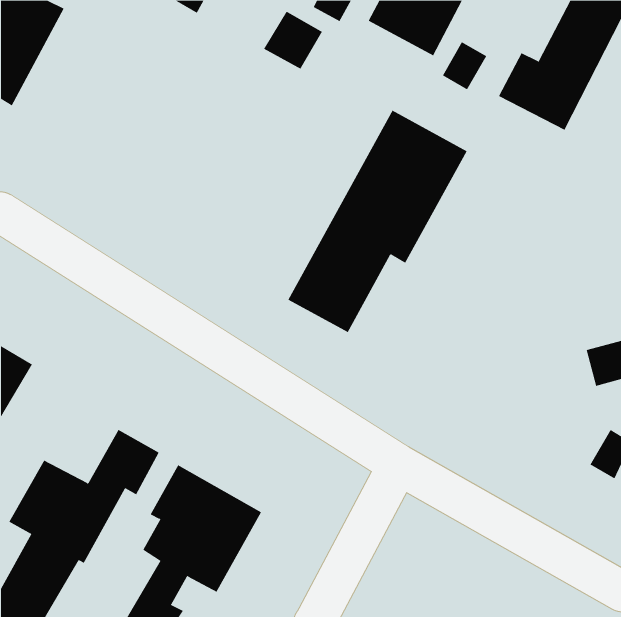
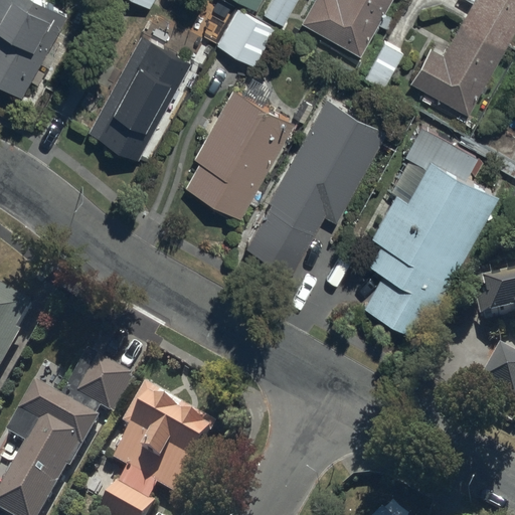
building: none -> [90,39,185,156]
building: none -> [186,93,291,216]
building: none -> [363,133,486,346]

